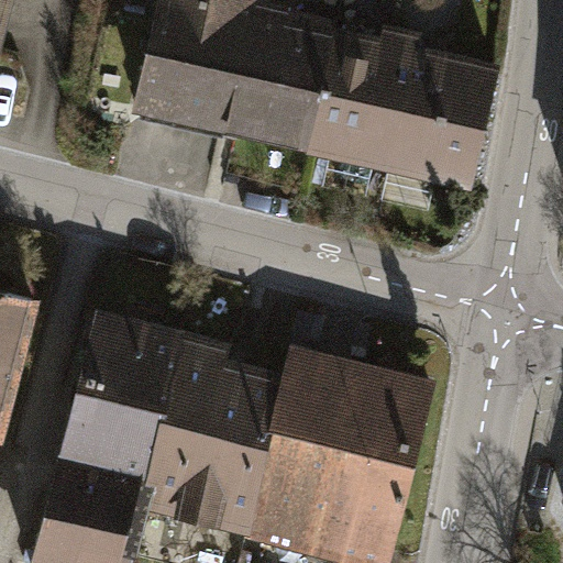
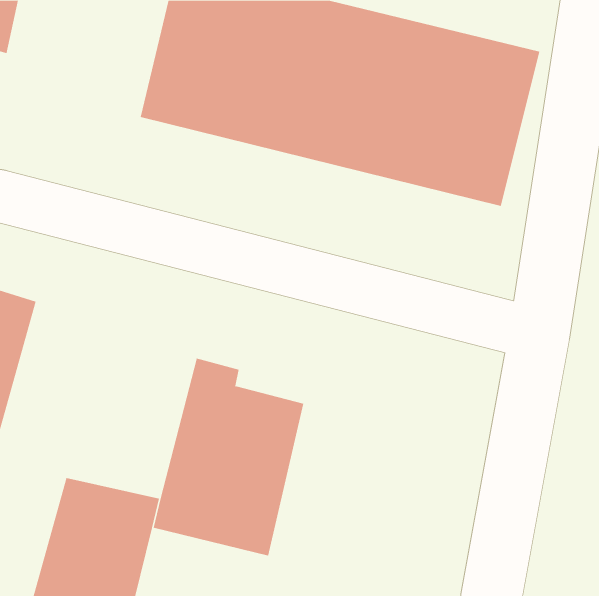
building: [62,316,184,471] -> none
building: [252,352,432,552] -> none

